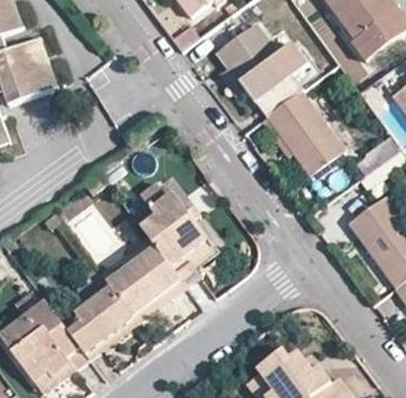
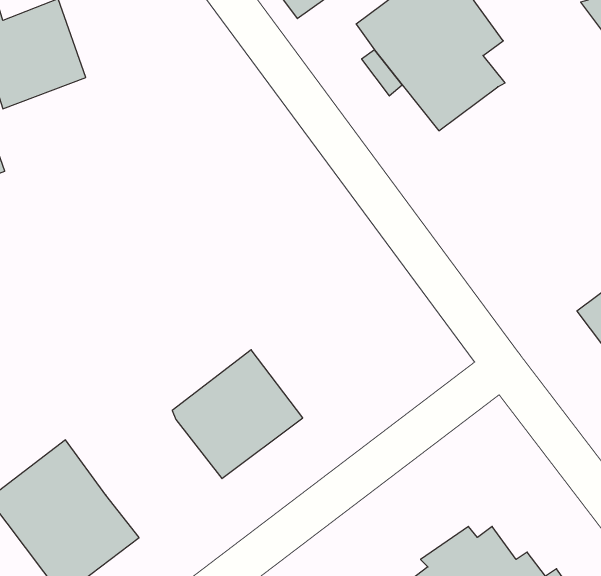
building: [266,90,345,175] -> none
building: [139,183,212,286] -> none
building: [68,288,137,358] -> none

